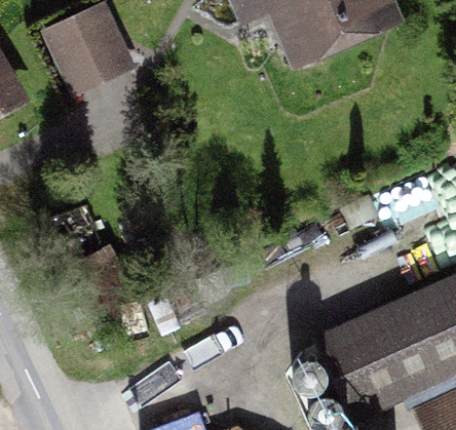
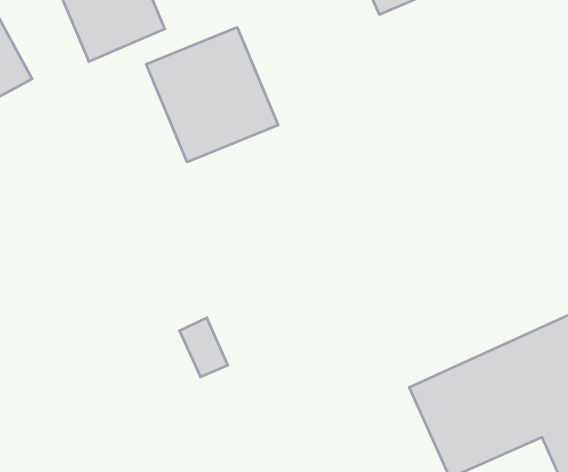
building: none -> [146,27,278,162]

